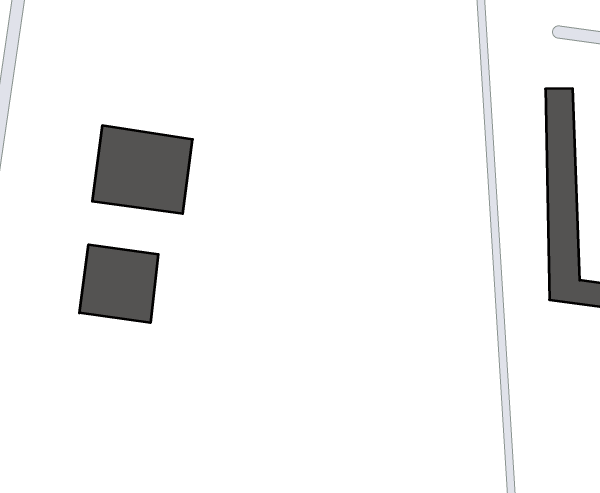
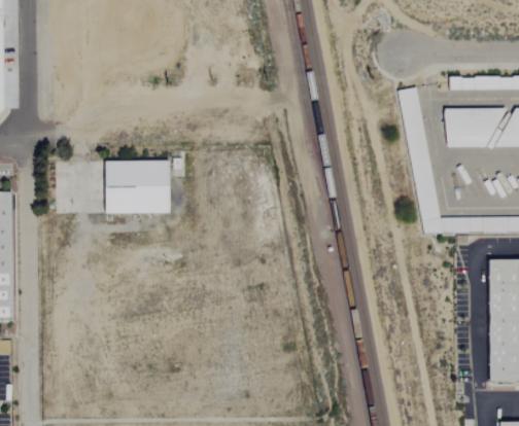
building: [79,245,158,323] -> none

